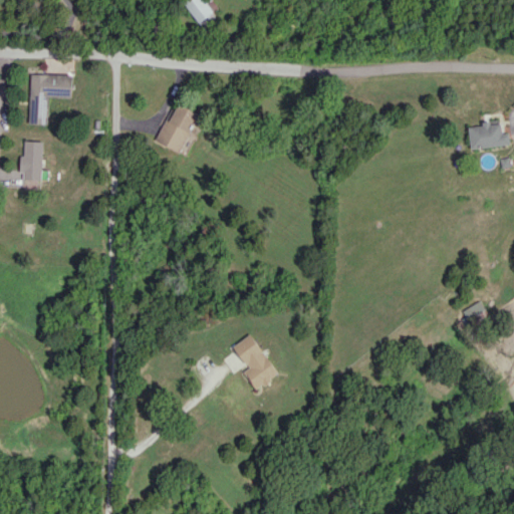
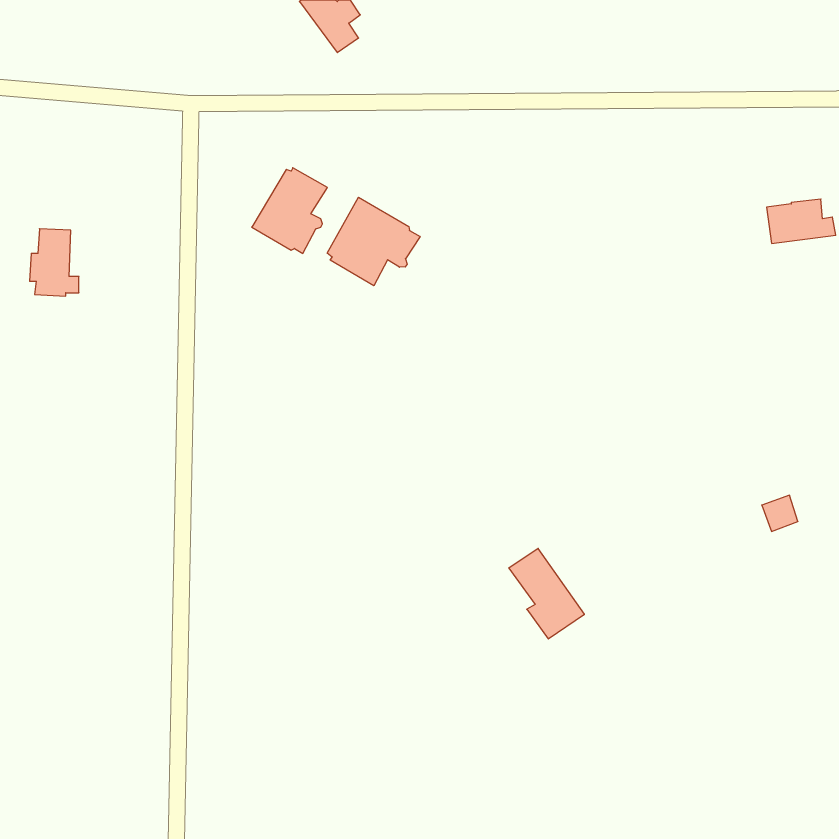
building: [28,73,72,124] -> none
building: none -> [327,197,420,286]
building: [232,334,278,390] -> [509,548,584,639]

